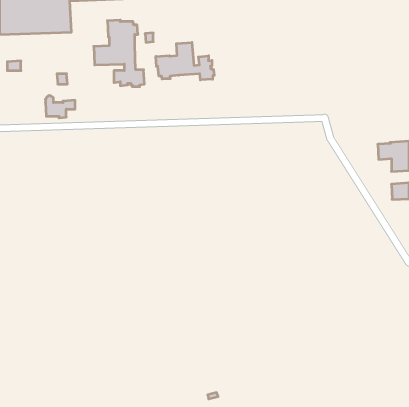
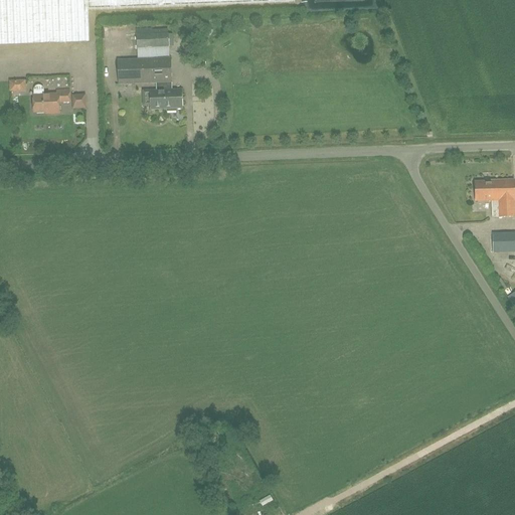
building: [156,42,214,80] -> none
building: [45,95,75,118] -> [32,82,69,111]

